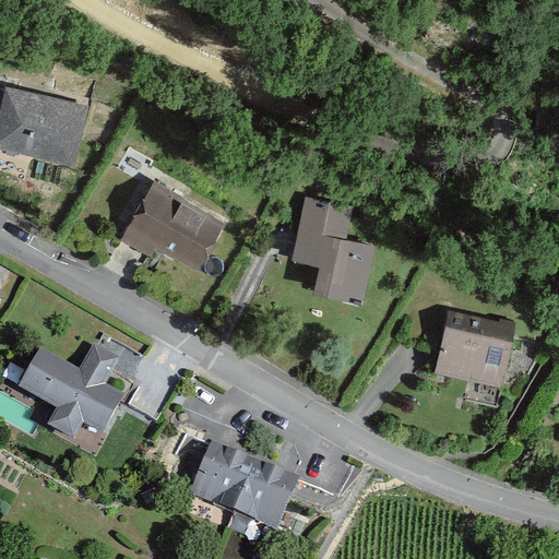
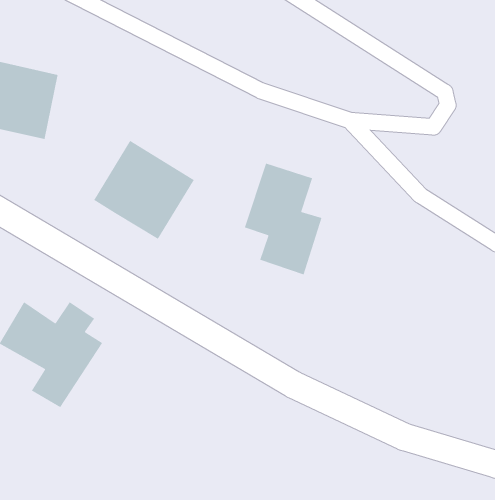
building: [419,306,523,406] -> none
building: [190,420,300,523] -> none

